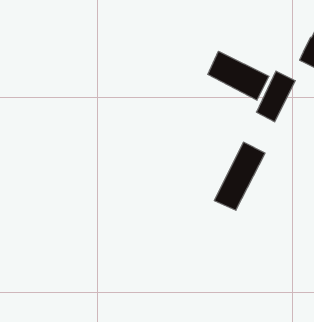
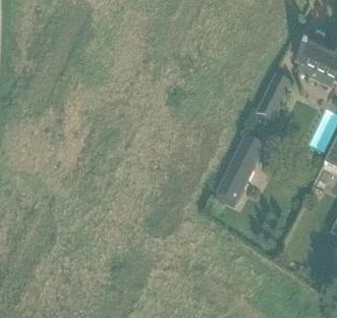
building: [208,51,269,100] -> none

